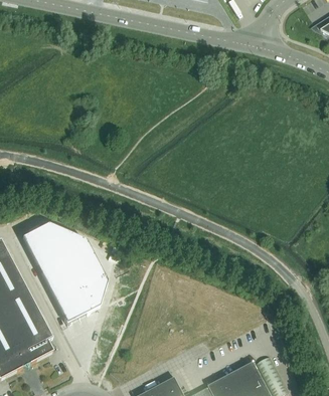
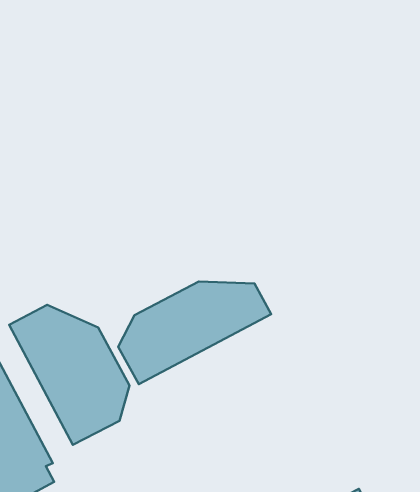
building: none -> [118,282,271,384]

